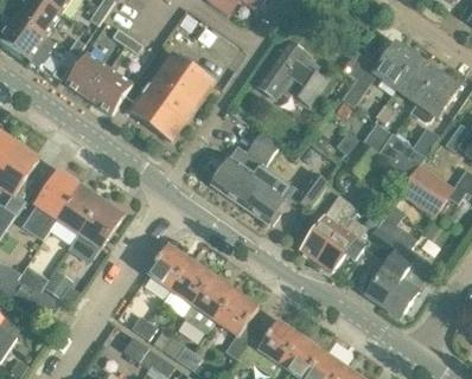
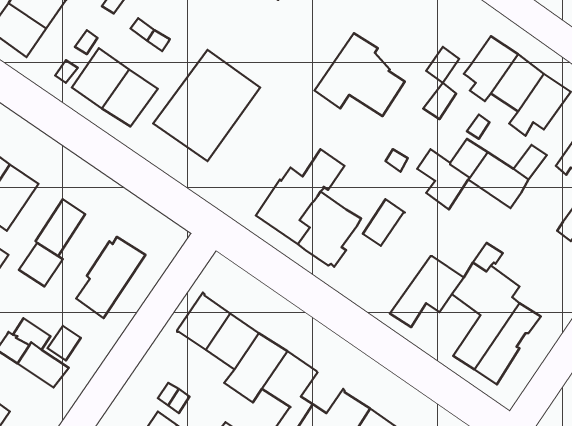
building: [401,165,452,213] -> none
building: [55,181,101,230] -> none
building: [300,193,355,259] -> none

